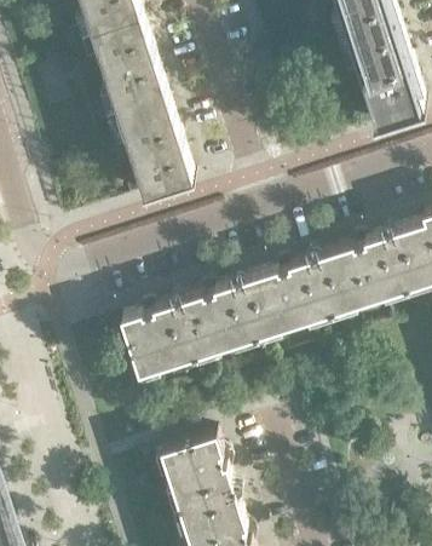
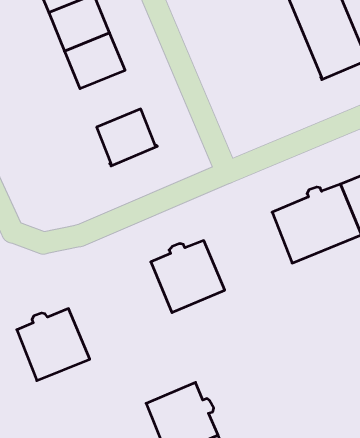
building: [117,99,180,157] -> none
building: [236,263,328,341] -> none
building: [121,305,196,379] -> [17,309,90,381]

